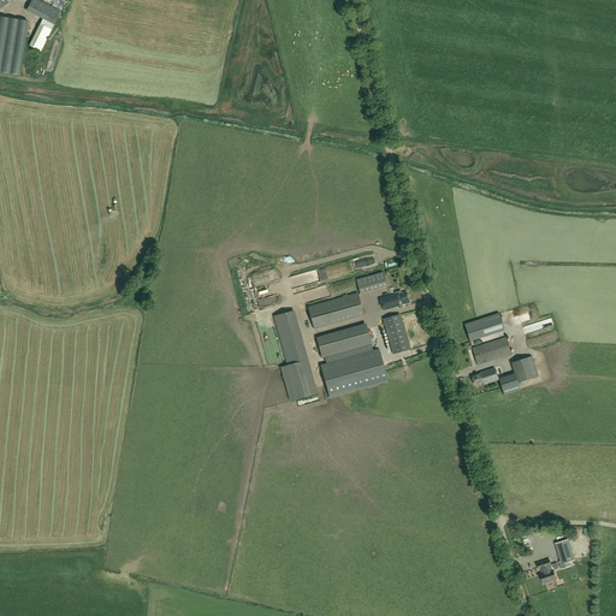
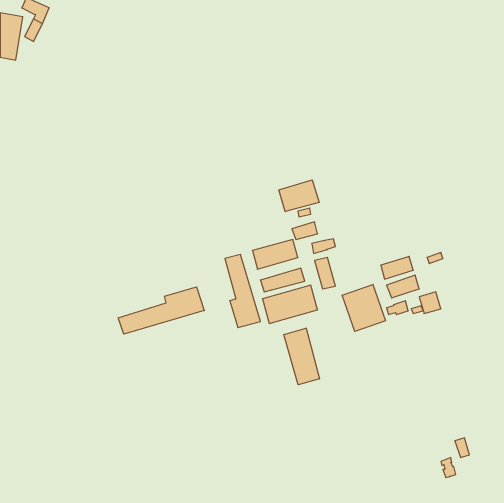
building: none -> [279,180,319,212]
building: none -> [342,284,385,331]
building: none -> [118,287,204,334]
building: none -> [284,328,319,385]

